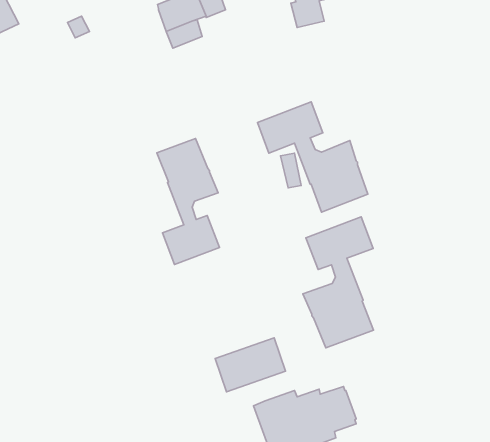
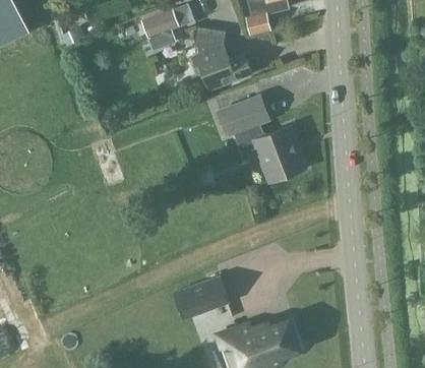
building: none -> [195,26,254,88]
building: [157,138,219,265] -> none
building: [303,217,374,348] -> none

